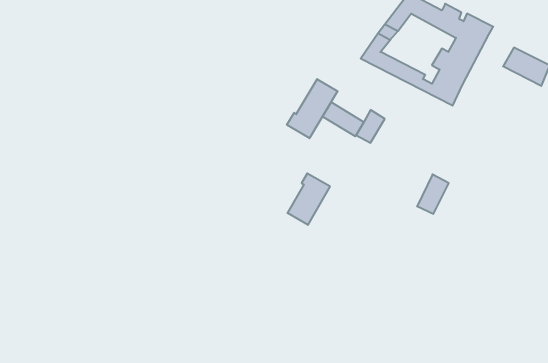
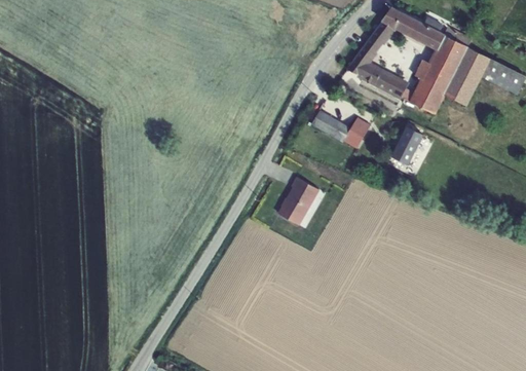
building: none -> [443,46,491,106]
building: [287,79,338,138] -> none
building: [417,174,449,214] -> [392,126,422,163]

